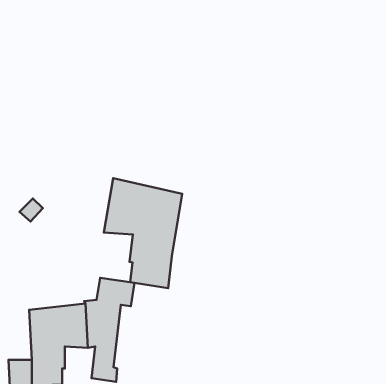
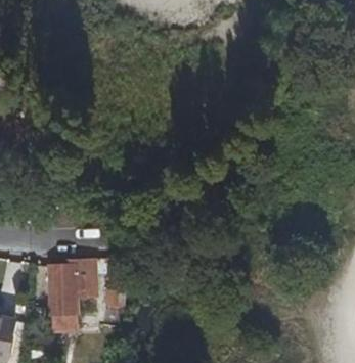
building: [104,178,182,288] -> none

